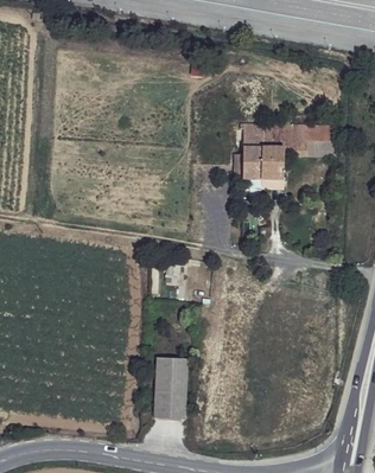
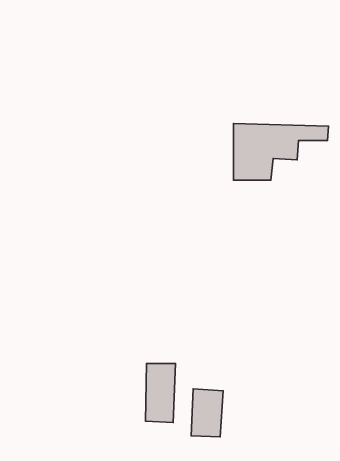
building: none -> [191,389,223,437]

